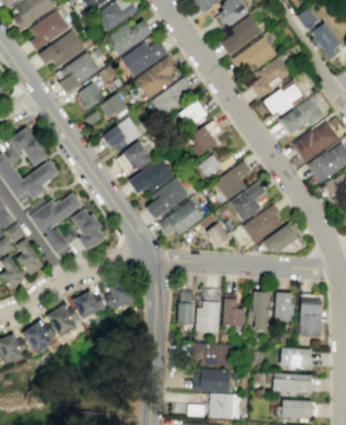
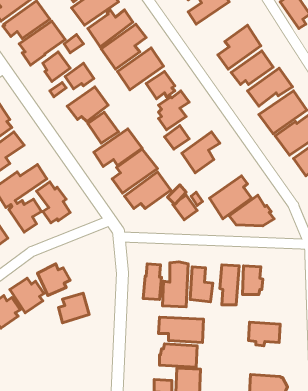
building: [233,37,276,69] -> none
building: [229,181,266,222] -> none
building: [105,281,135,310] -> [59,293,89,323]
building: [299,293,323,338] -> none
building: [273,373,313,396] -> none

